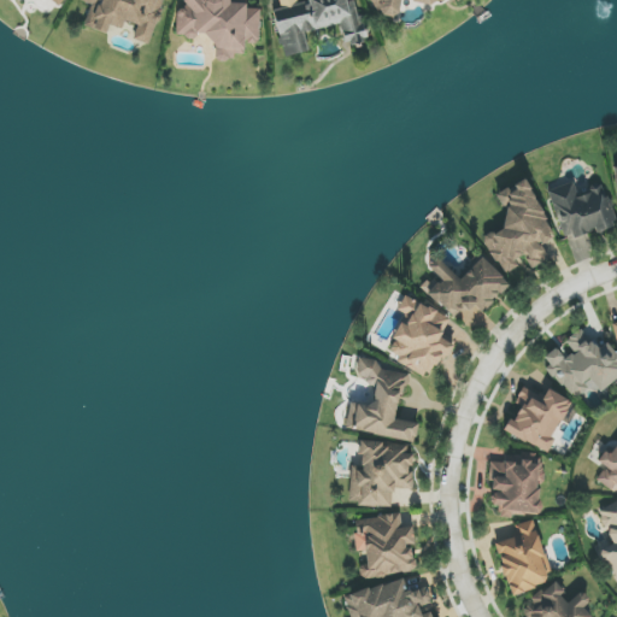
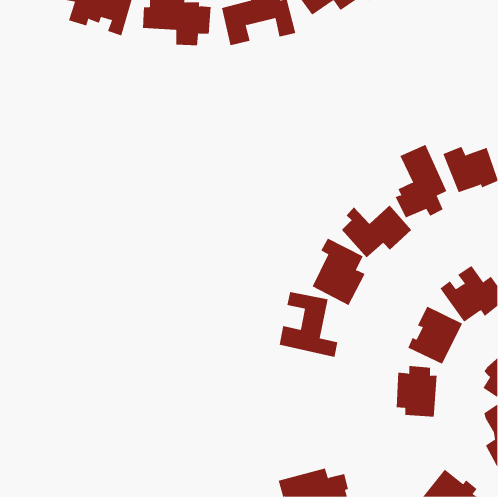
building: [349,441,412,506] -> none
building: [353,513,415,577] -> none
building: [495,519,552,594] -> none

